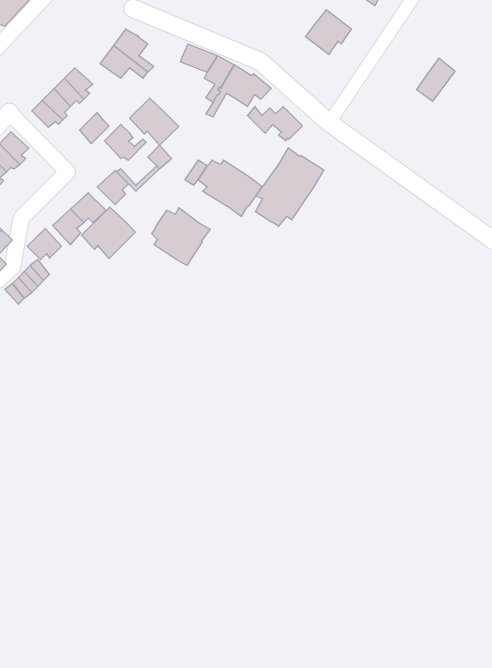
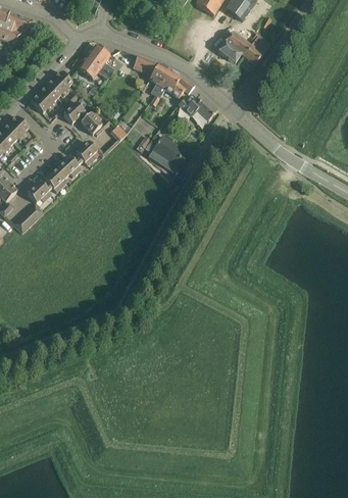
building: [416,58,455,101] -> [243,34,269,63]
building: [130,98,179,145] -> none
building: [256,148,324,226] -> none
building: [82,207,135,258] -> none
building: [152,208,210,265] -> none

